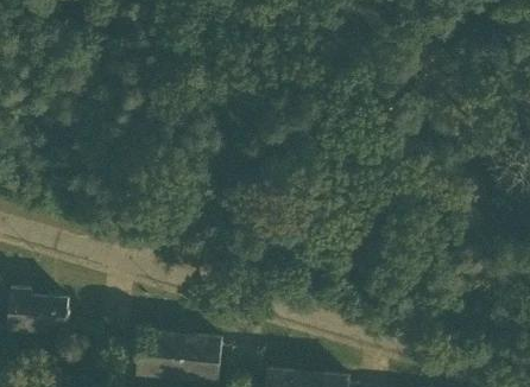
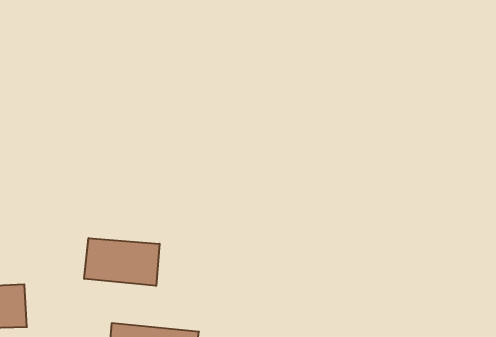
building: none -> [84,238,160,286]

